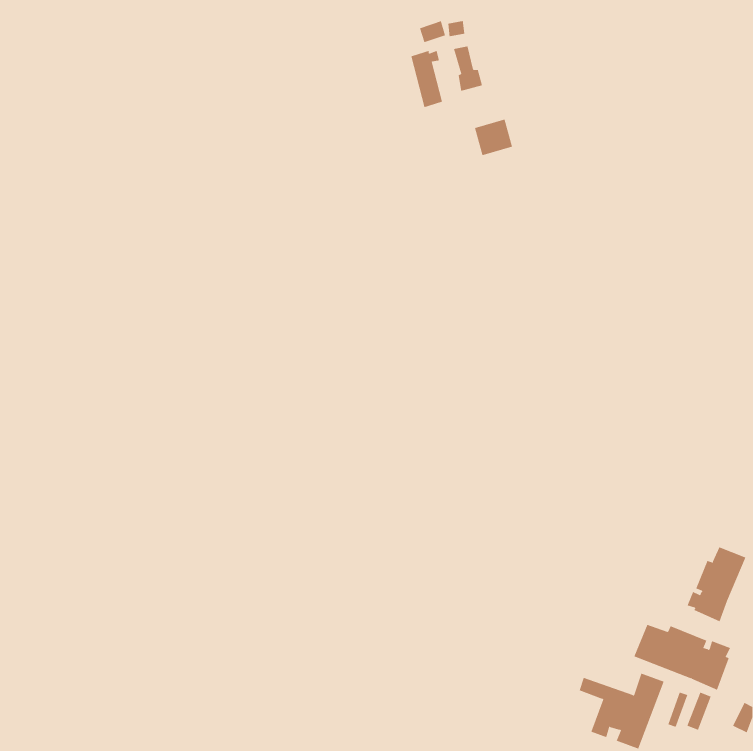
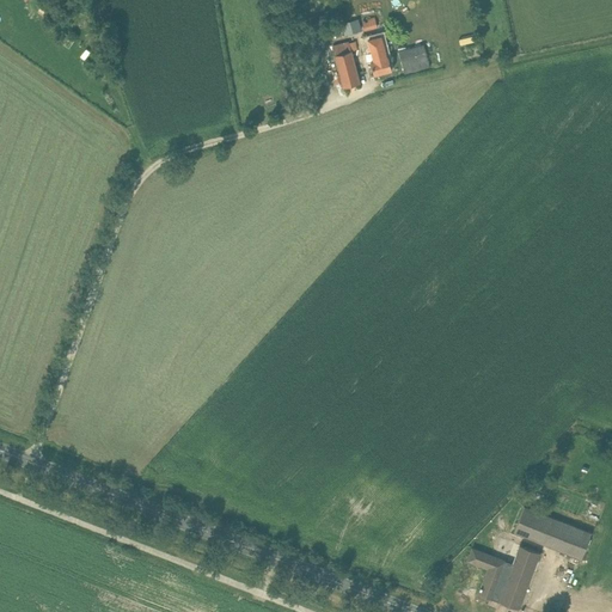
building: [474,119,513,156] -> [398,45,429,75]
building: [687,547,746,622] -> none

